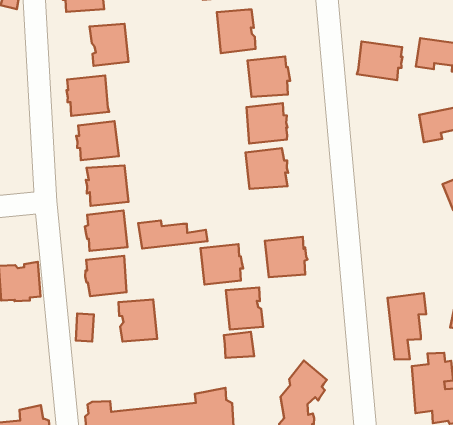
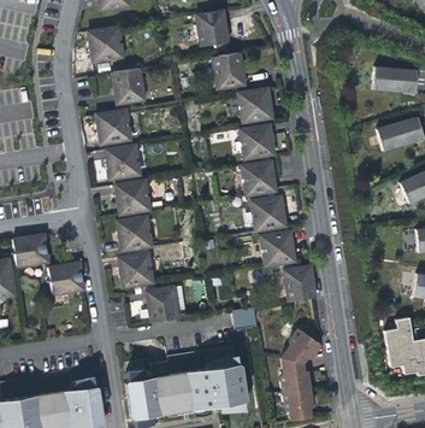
building: [357,41,403,80] -> none
building: [138,220,207,248] -> none
building: [200,244,243,285] -> [252,195,287,229]
building: [226,288,263,330] -> [284,265,315,300]
building: [388,293,426,360] -> none

